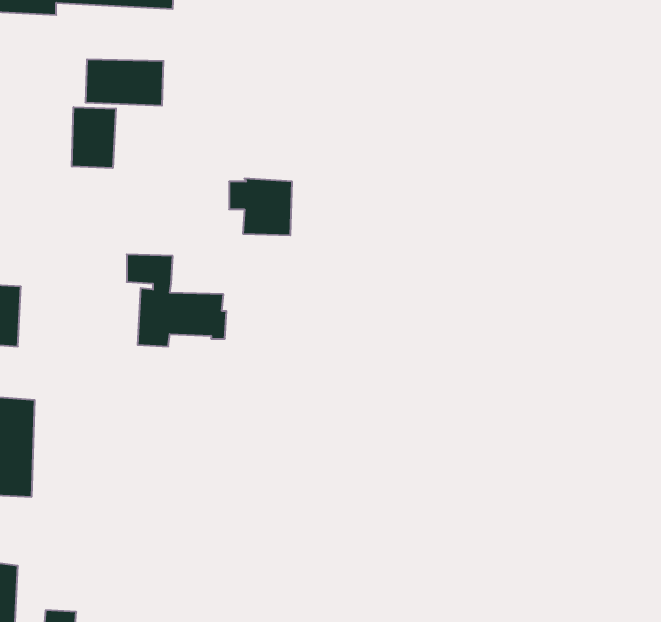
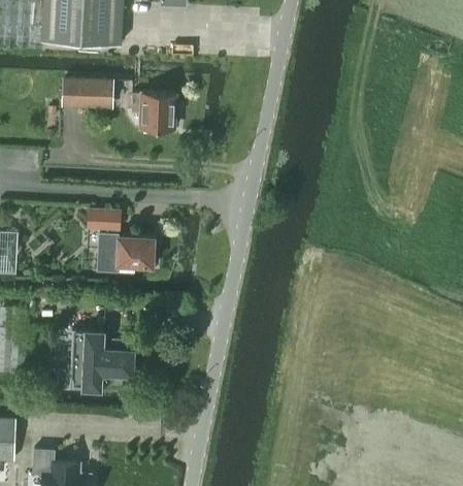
building: [72,107,116,168] -> none
building: [229,179,292,235] -> [132,92,174,130]
building: none -> [69,329,133,390]

